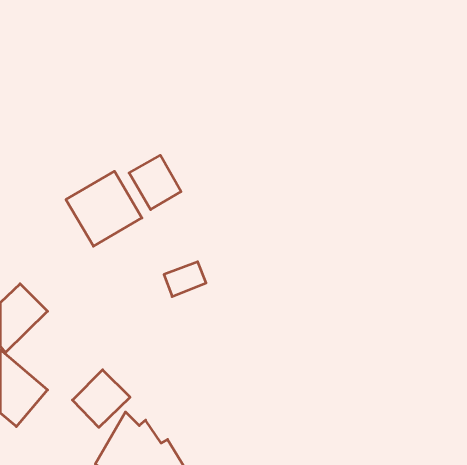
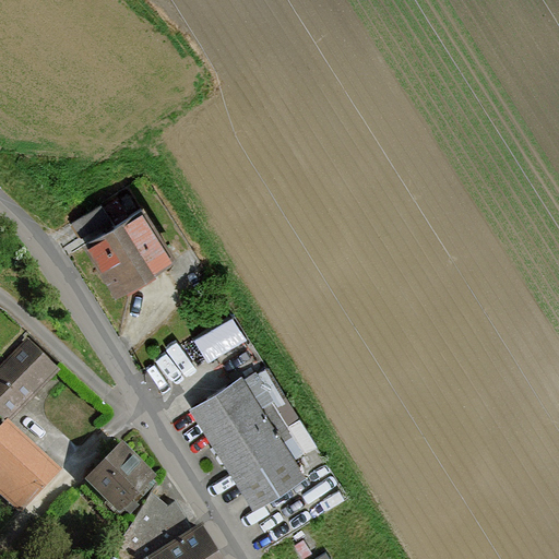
building: [129,155,181,210] -> none
building: none -> [190,373,306,509]

